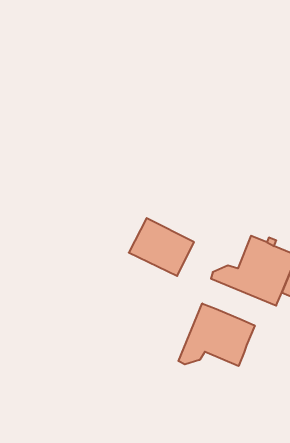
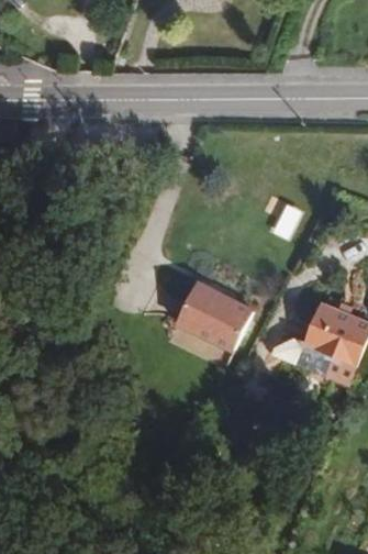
building: [178,303,255,366] -> none

